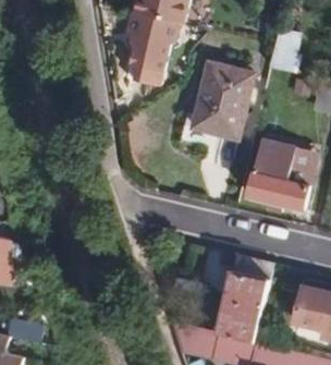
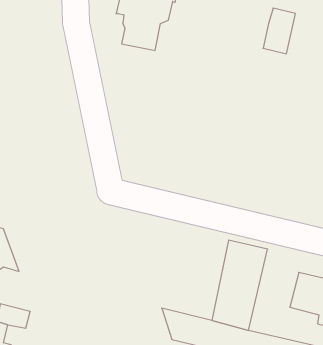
building: [193,63,253,137] -> none
building: [247,141,307,212] -> none

